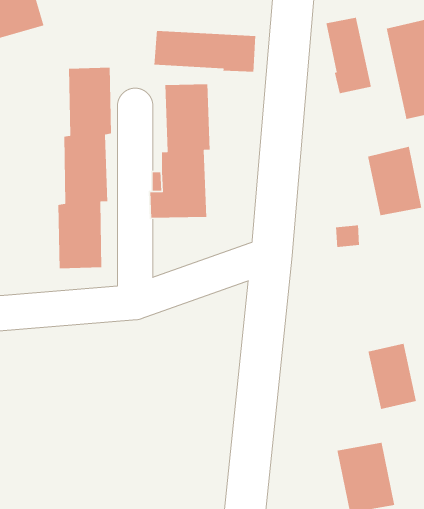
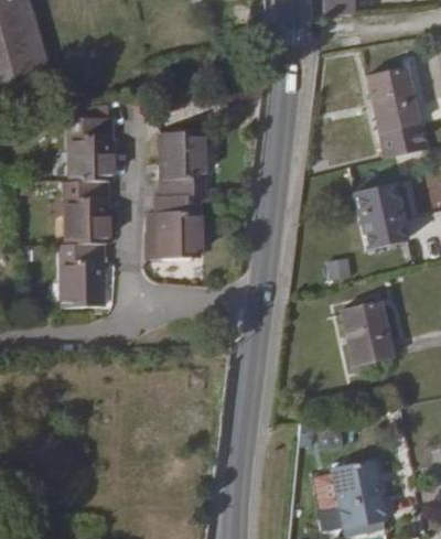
building: [325,17,372,94] -> none
building: [154,30,256,72] -> none
building: [368,343,417,410] -> [341,305,387,368]

